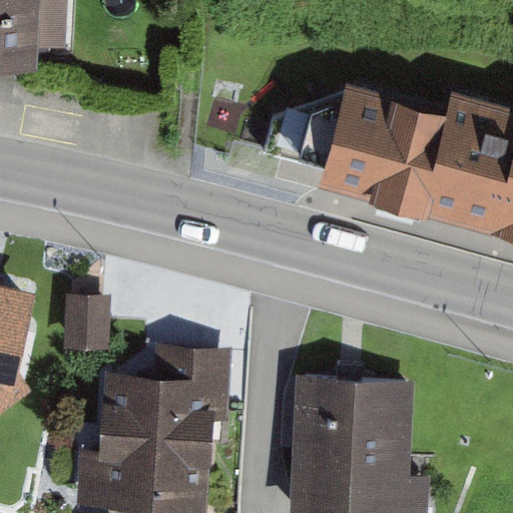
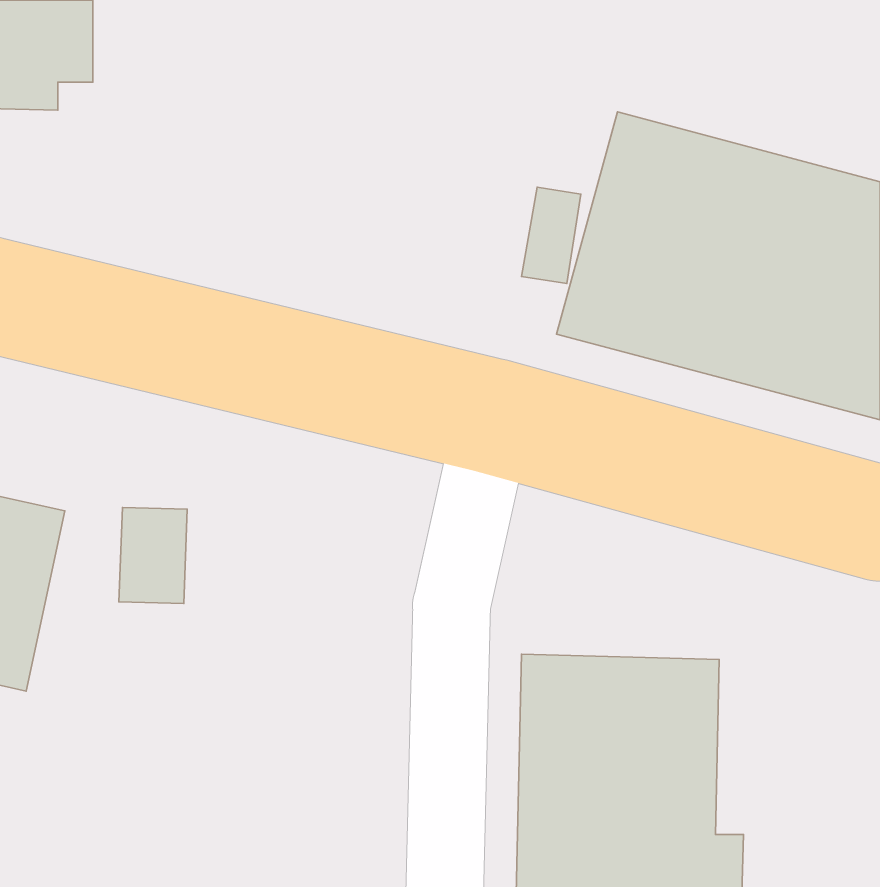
building: [79,341,222,506] -> none

